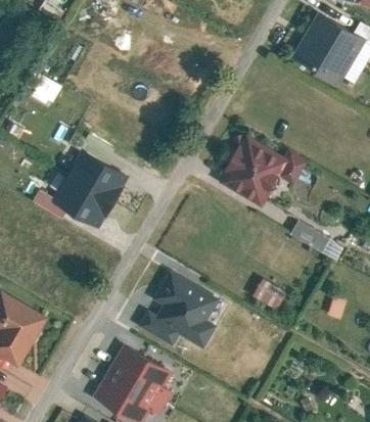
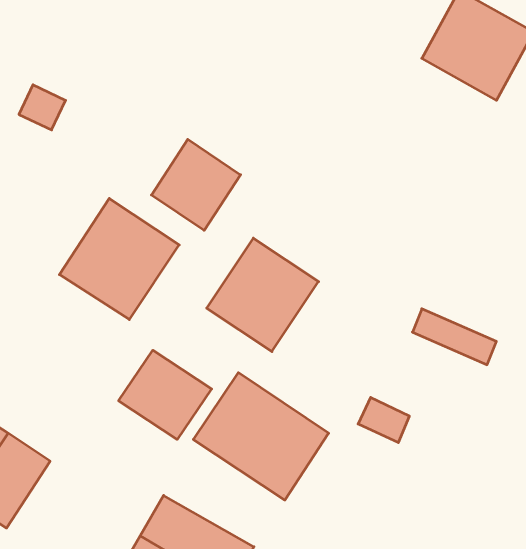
building: none -> [151,139,241,230]
building: [218,132,291,206] -> [207,238,319,352]
building: none -> [119,350,212,439]

